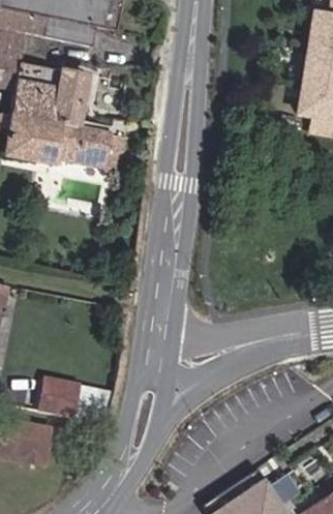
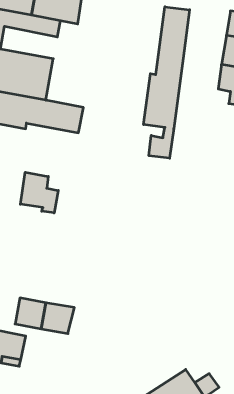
building: none -> [144,7,190,158]
building: none -> [20,172,58,213]

